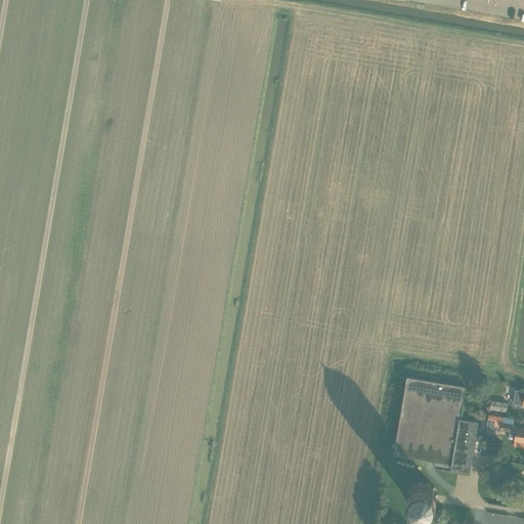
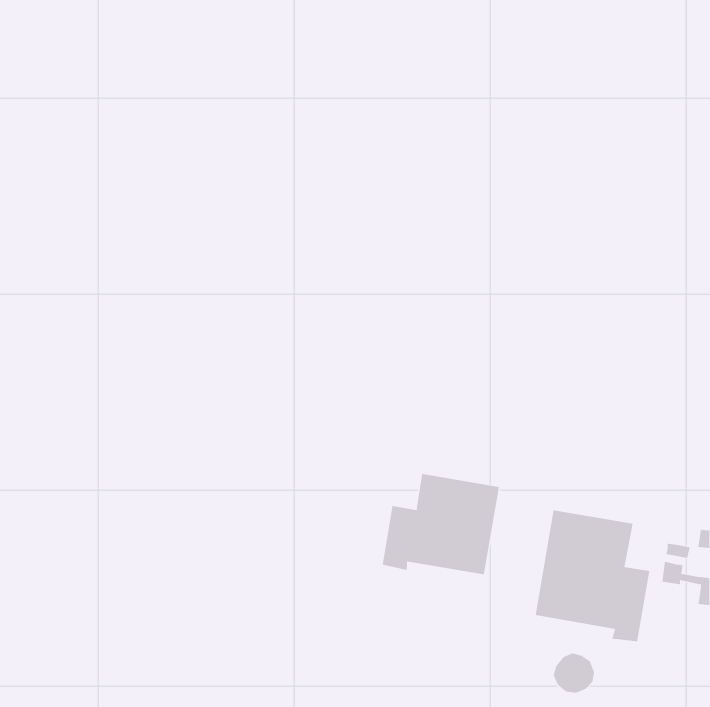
building: none -> [382,473,500,575]

